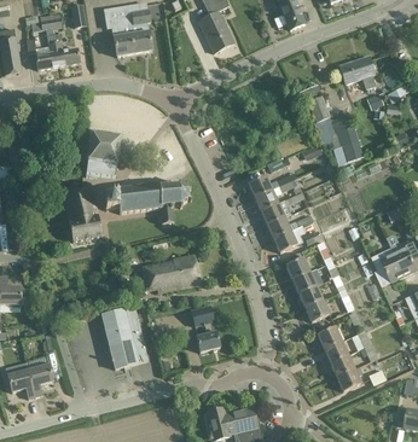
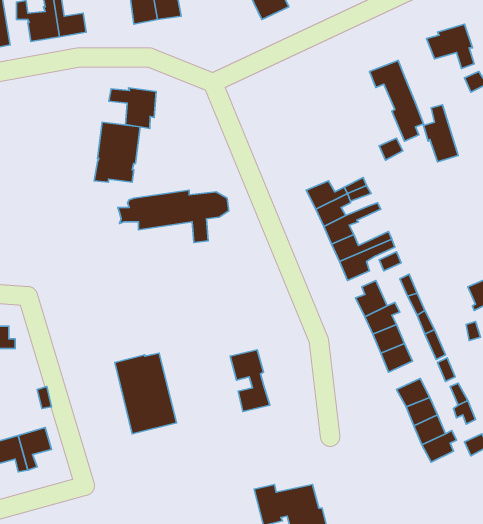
building: none -> [109,88,156,129]
building: [64,187,100,240] -> none
building: [140,254,198,291] -> none

